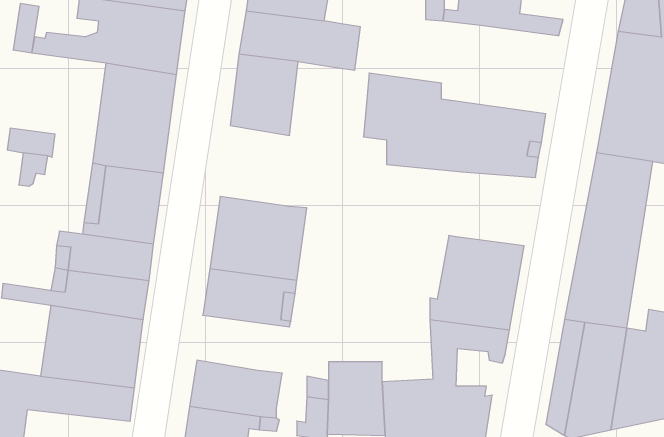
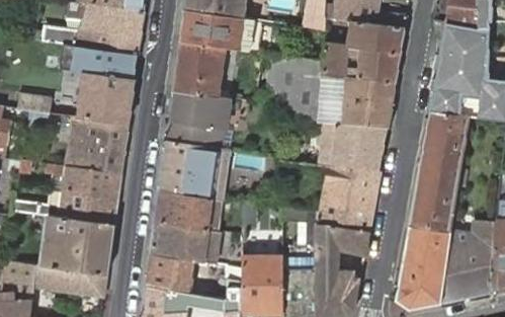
building: none -> [322,21,403,83]
building: none -> [167,91,227,148]
building: none -> [332,124,388,175]
building: none -> [151,224,220,265]

